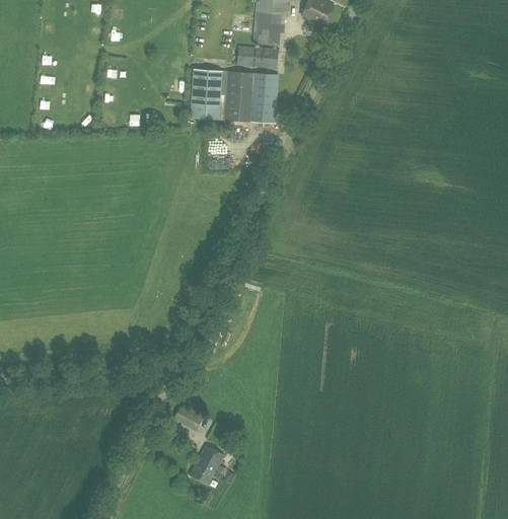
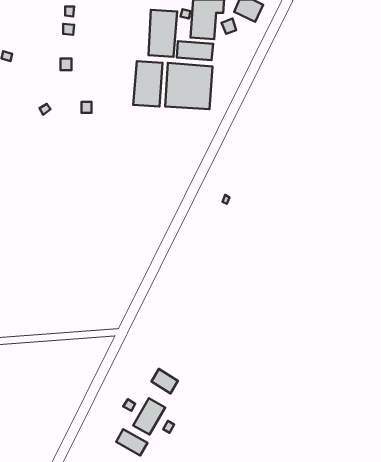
building: none -> [148,10,177,57]
building: [174,403,204,431] -> [151,369,178,393]
building: none -> [116,429,147,455]

